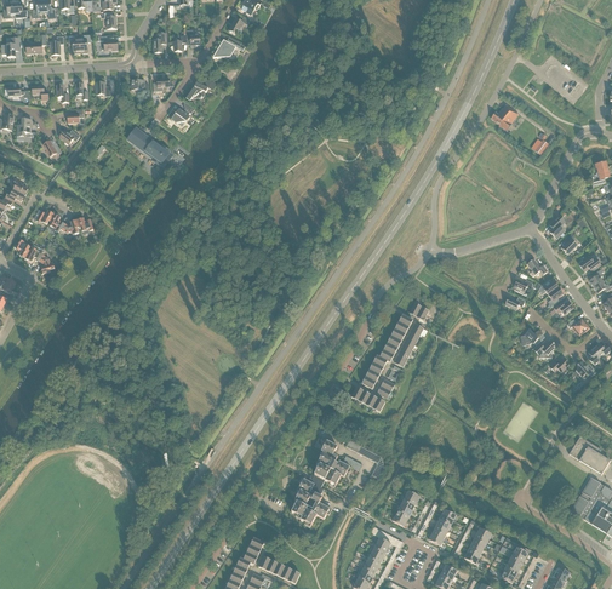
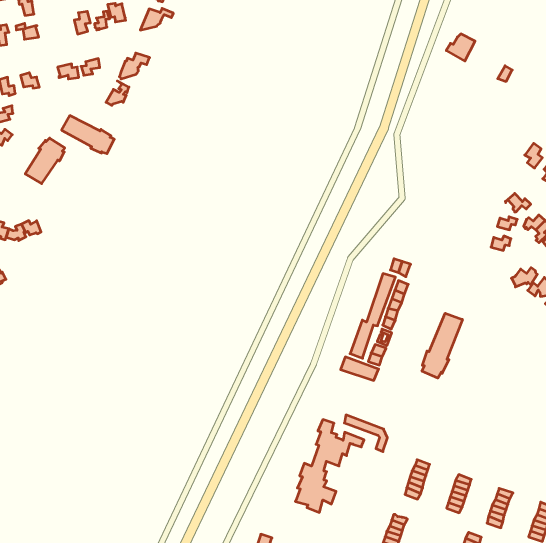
building: none -> [25,138,65,184]
building: none -> [422,313,462,378]

